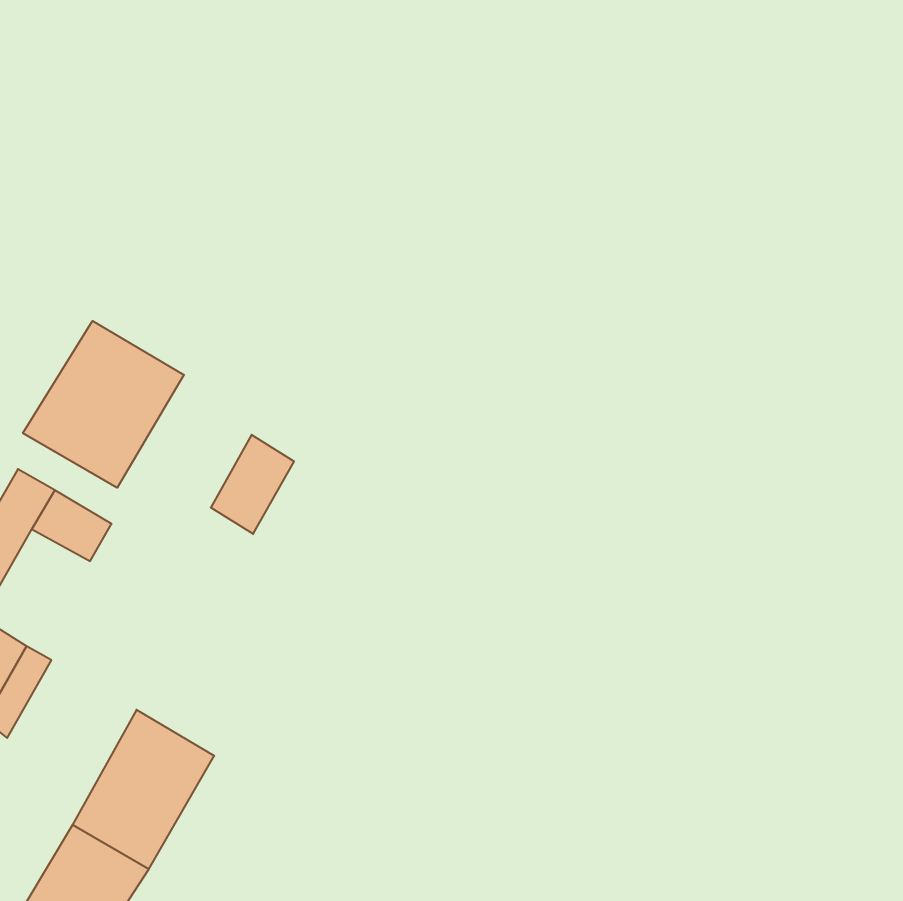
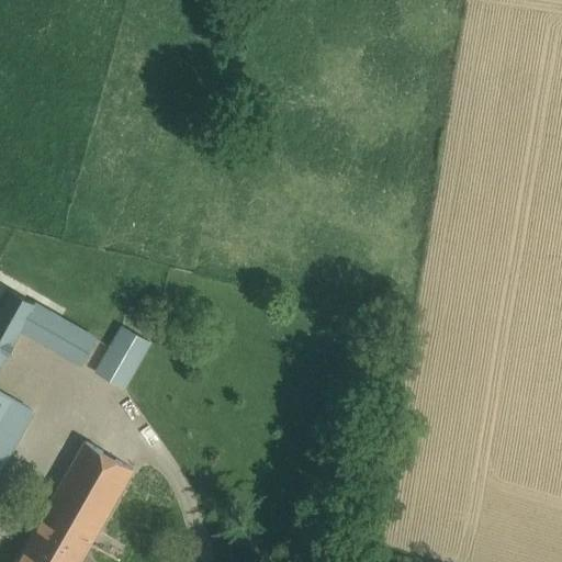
building: [23,321,184,488] -> none
building: [211,435,294,534] -> [97,328,148,390]
building: none -> [56,327,94,366]

